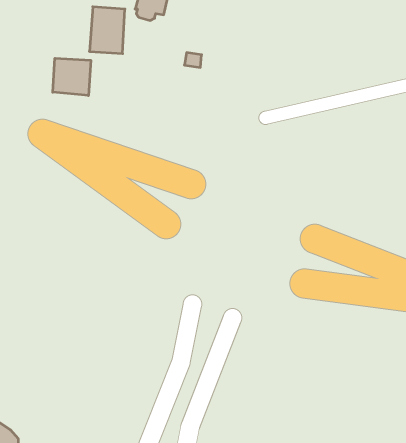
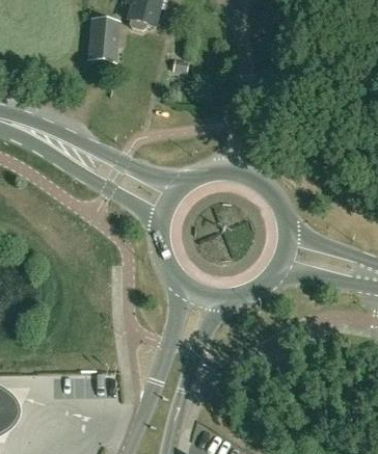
building: [53,58,91,96] -> none

